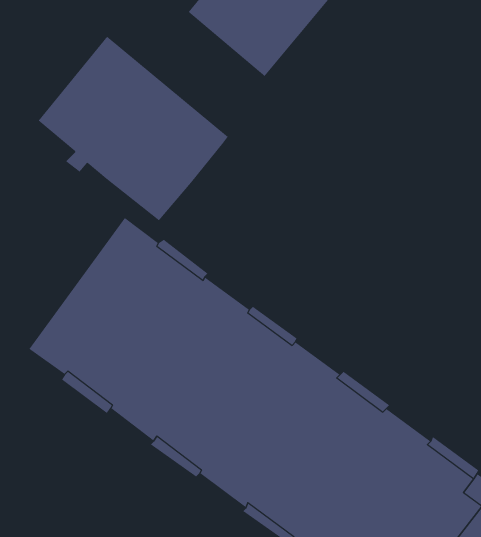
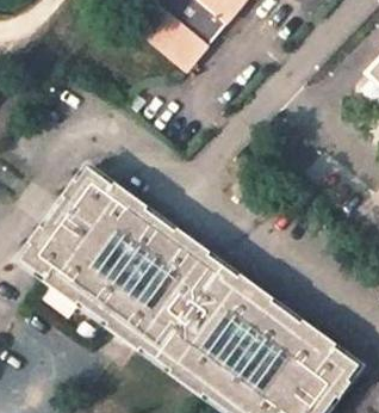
building: [38,36,228,221] -> none

